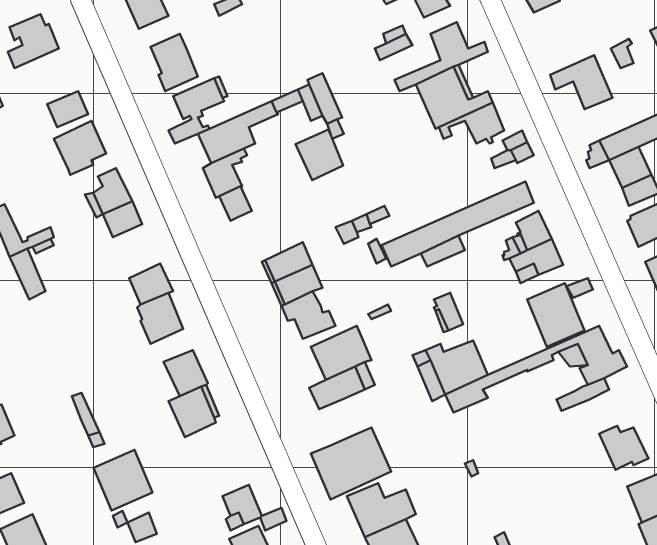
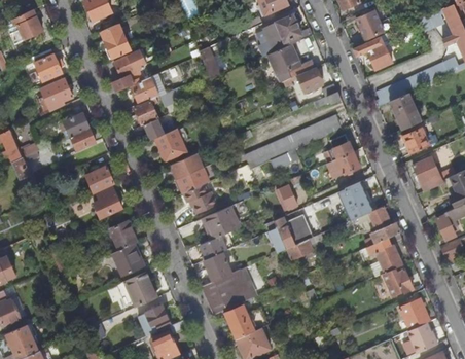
building: none -> [356,12,382,40]
building: [296,129,343,180] -> [155,129,185,160]
building: none -> [377,244,403,273]
building: none -> [204,252,230,281]
building: [94,450,153,510] -> [120,272,157,310]

